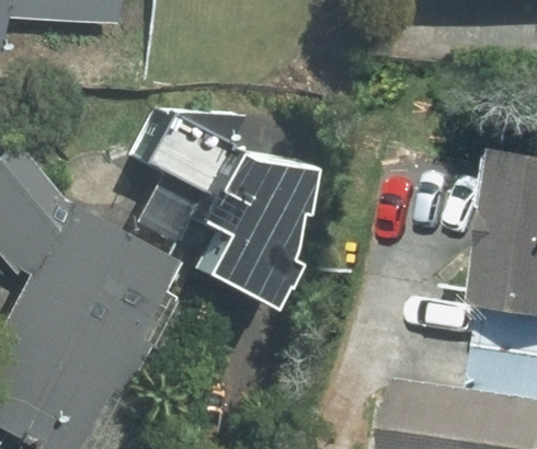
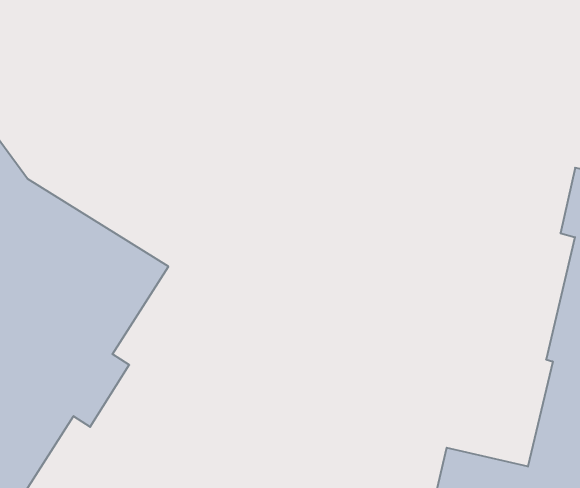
building: [180,152,295,307] -> none

